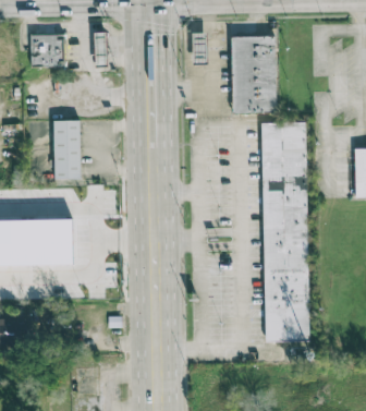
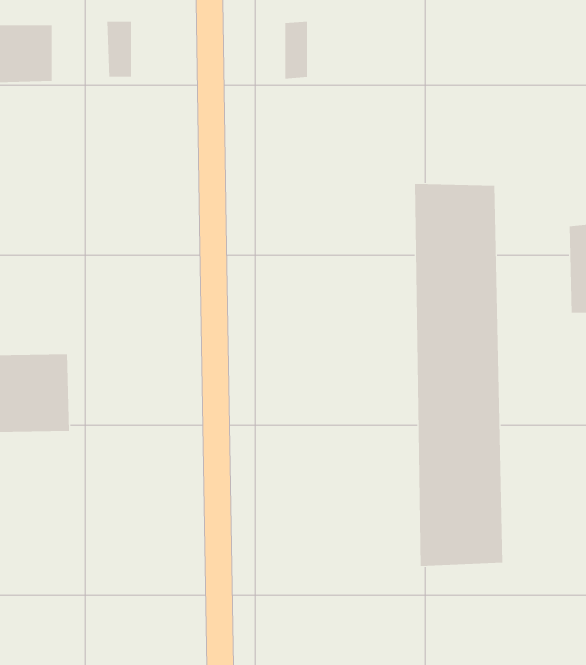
building: [230,35,274,110] -> none
building: [51,119,78,177] -> none

